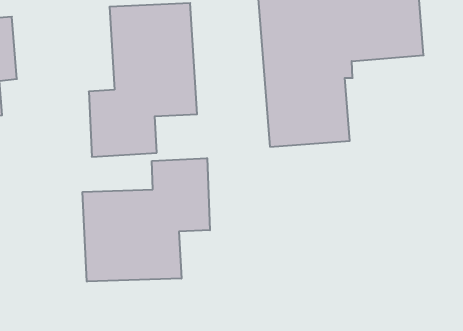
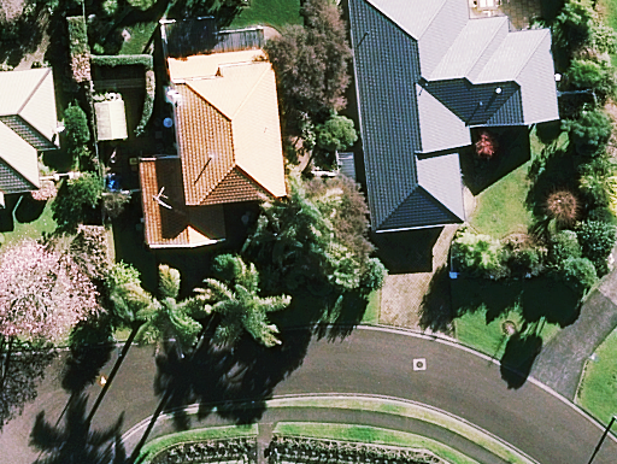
building: [83,158,210,282] -> none

